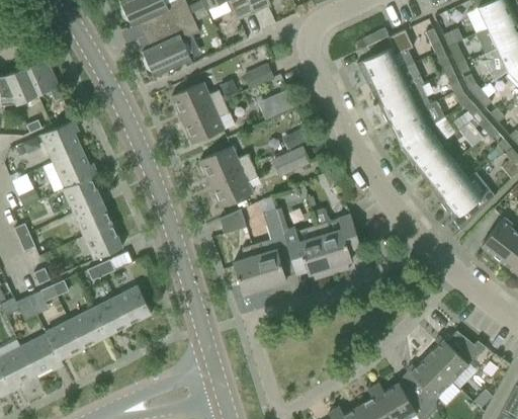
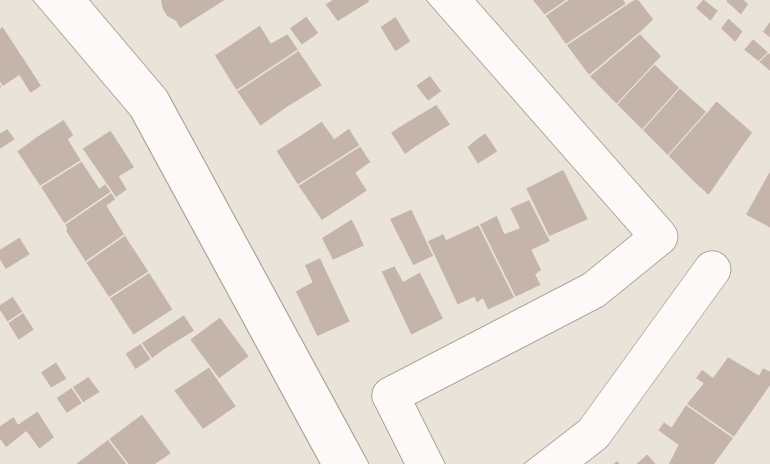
building: none -> [82,130,135,198]
building: none -> [525,169,589,237]
building: [233,245,264,294] -> [295,257,351,337]
building: [92,298,127,336] -> [189,316,250,380]

